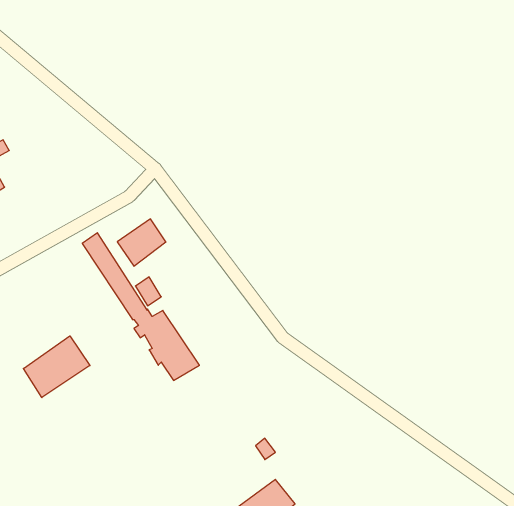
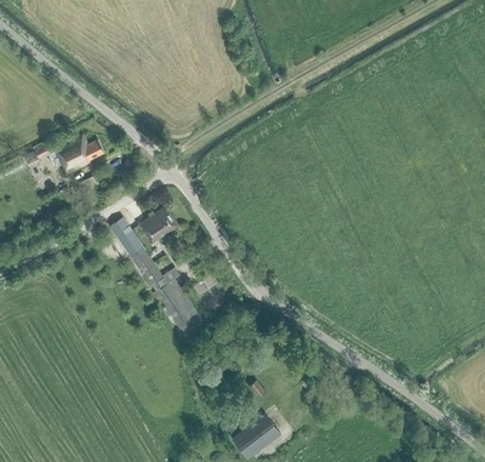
building: none -> [56,135,105,173]
building: [23,336,90,398] -> none

